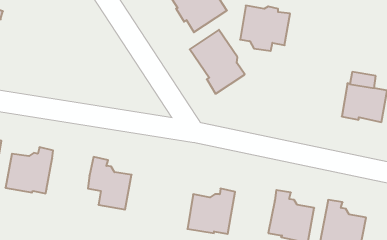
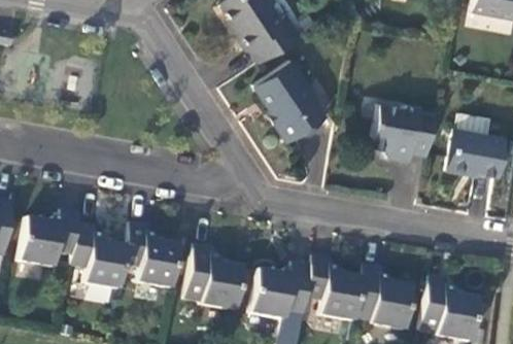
building: [240,6,290,51] -> [371,103,435,161]
building: none -> [71,223,126,289]
building: none -> [184,244,242,311]
building: none -> [306,255,362,321]

